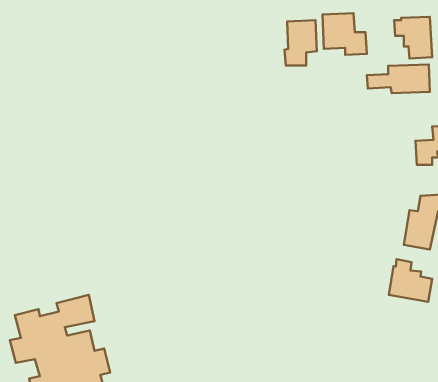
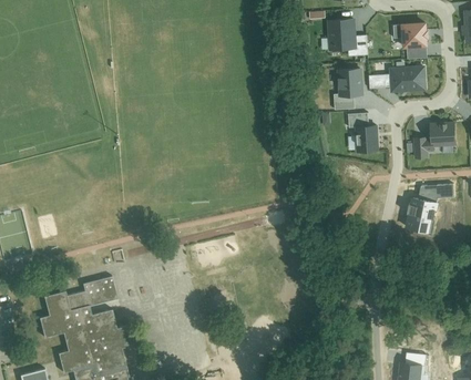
building: [285,20,317,66] -> [335,65,365,107]
building: none -> [349,112,380,151]
building: [389,259,432,302] -> none

